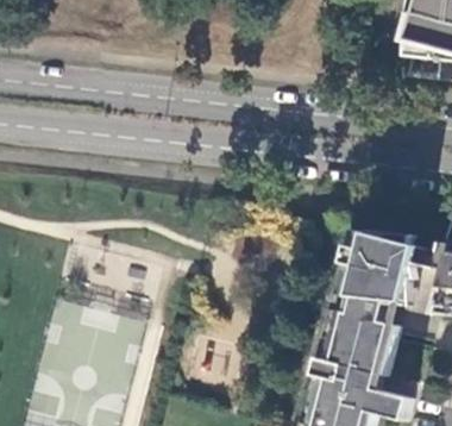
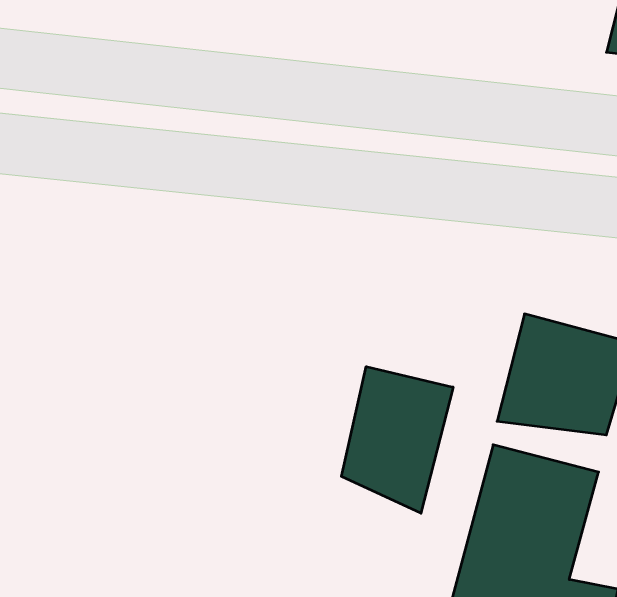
building: none -> [341,367,453,513]

